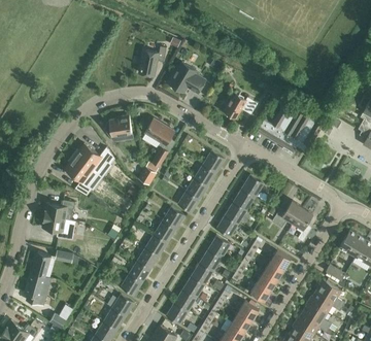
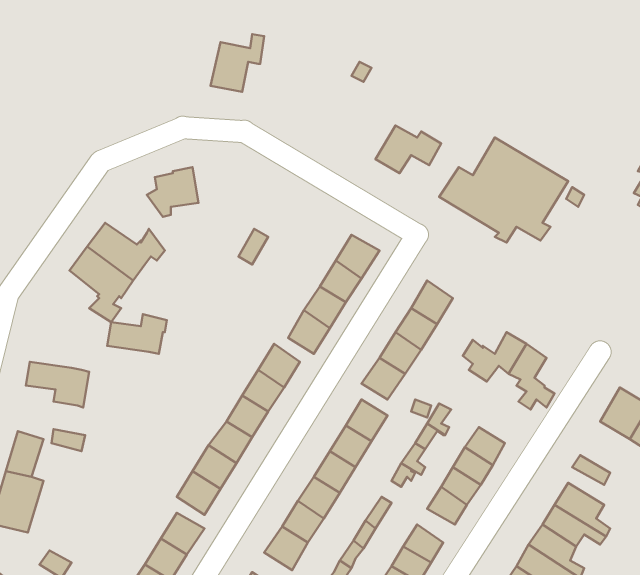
building: [168,62,204,94] -> none
building: [144,118,173,145] -> none
building: [43,200,74,220] -> [107,314,167,354]

